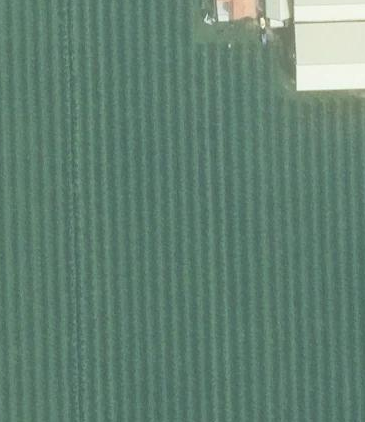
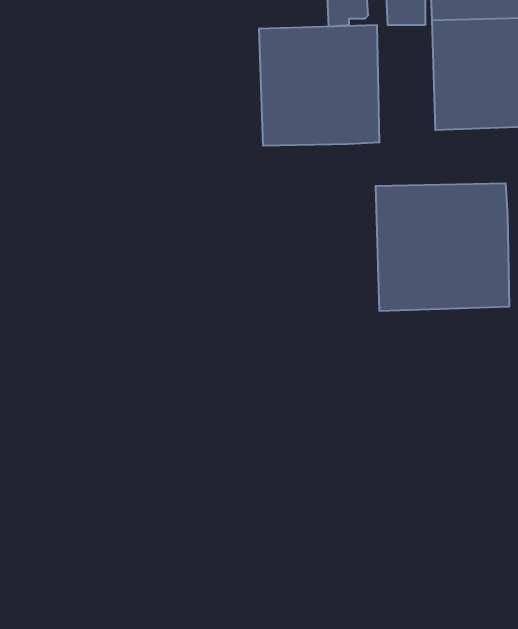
building: none -> [259,25,379,146]
building: none -> [376,183,509,311]

